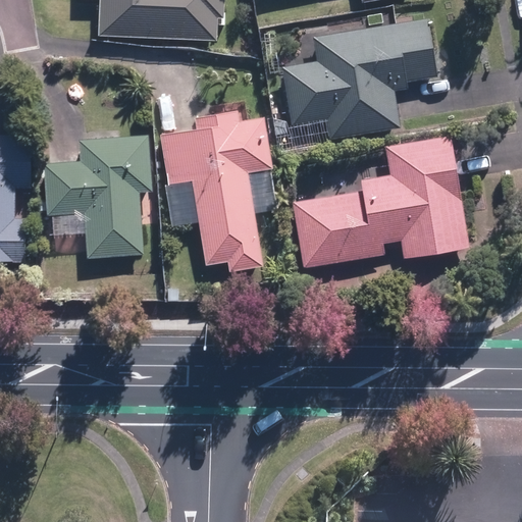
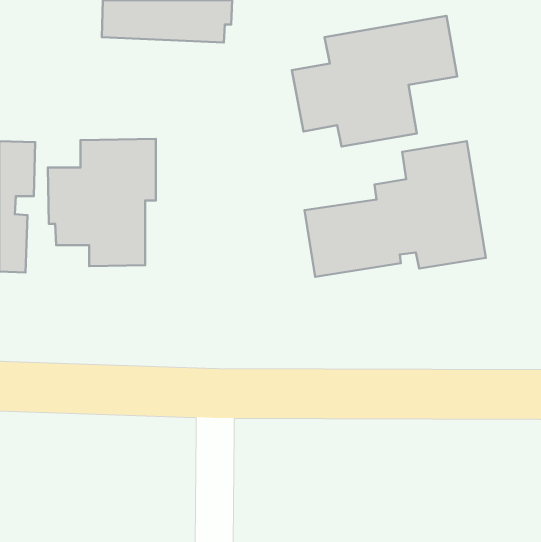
building: [160,111,277,271] -> none

